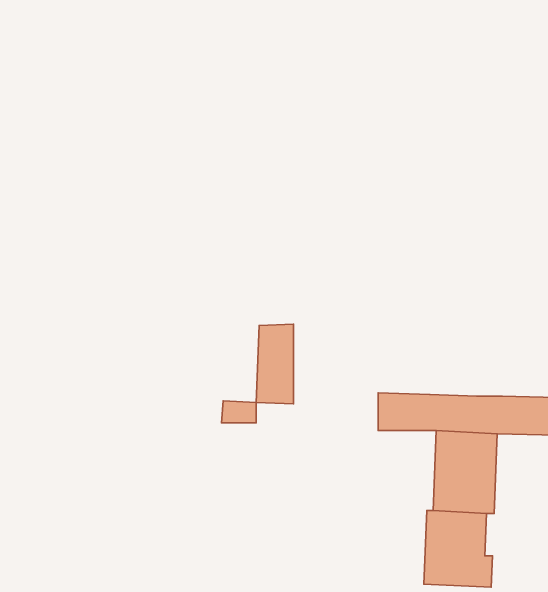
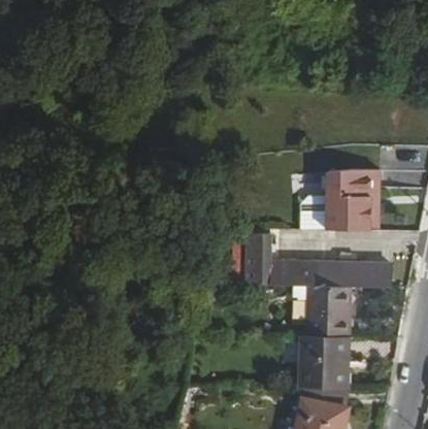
building: none -> [329,174,381,236]
building: [256,324,294,404] -> [249,232,273,285]

